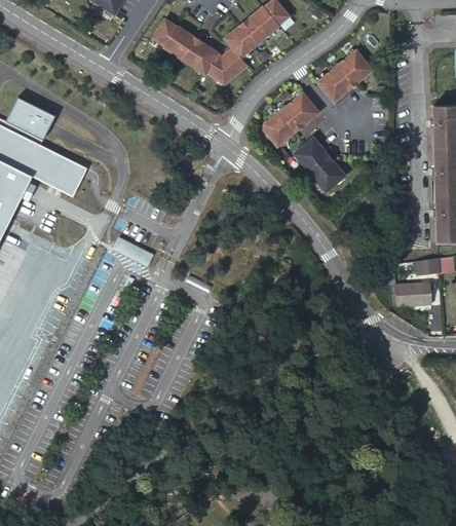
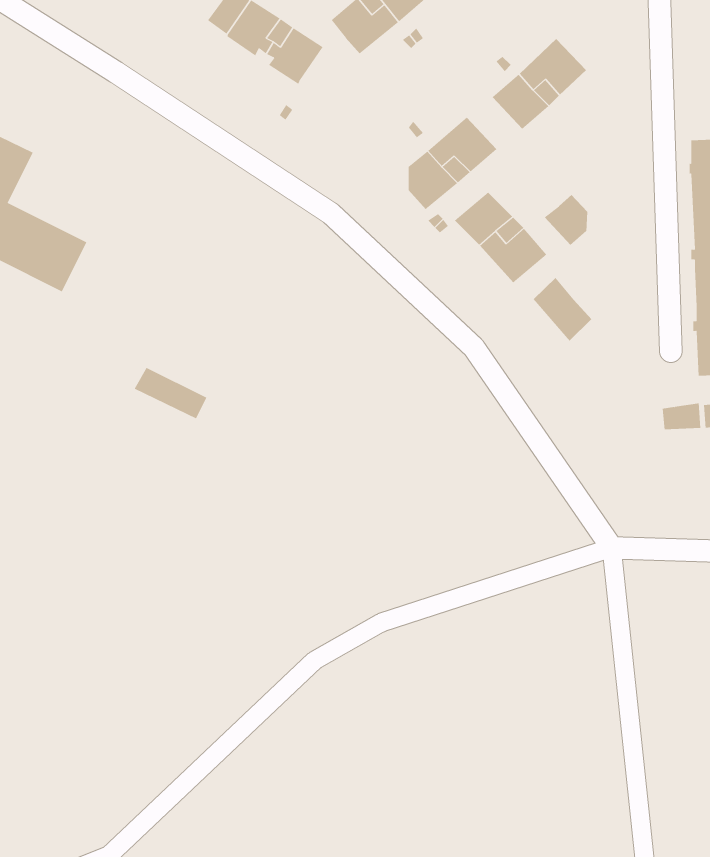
building: [207,48,246,85] -> none
building: none -> [544,194,588,246]
building: none -> [533,277,592,341]
building: [395,283,431,305] -> none

